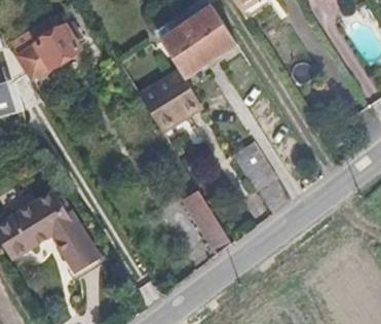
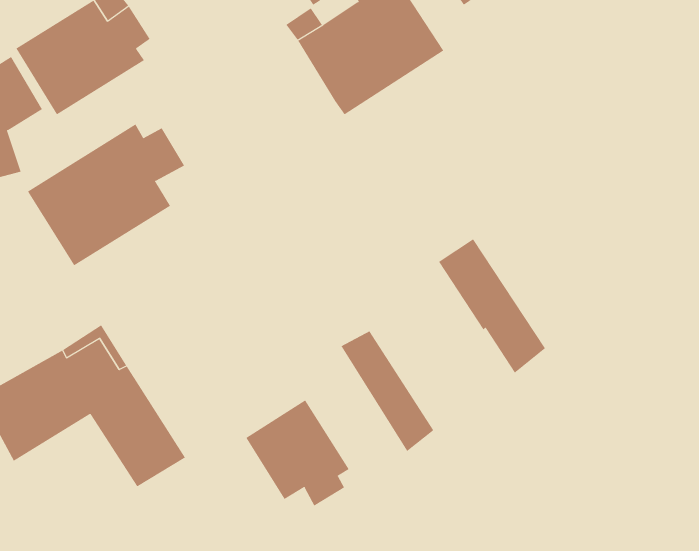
building: [141,72,204,133] -> none
building: none -> [27,124,185,266]
building: none -> [246,400,349,507]

